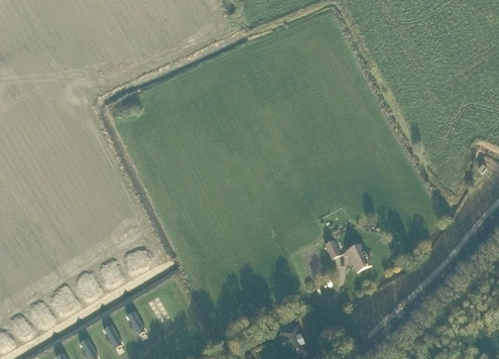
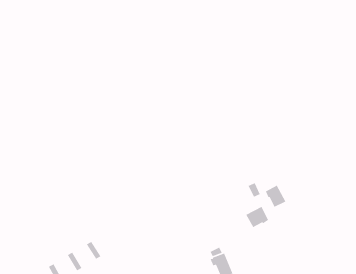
building: none -> [245,206,269,228]

